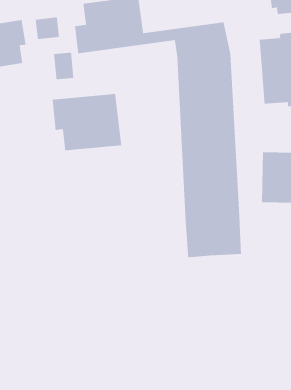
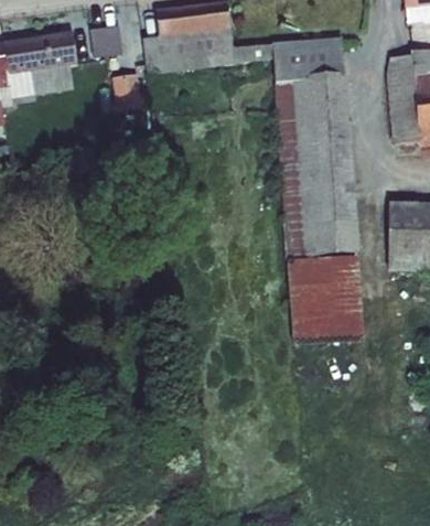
building: [52,93,122,151] -> none

